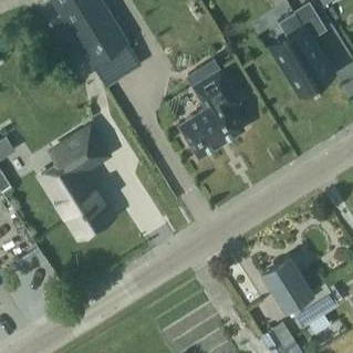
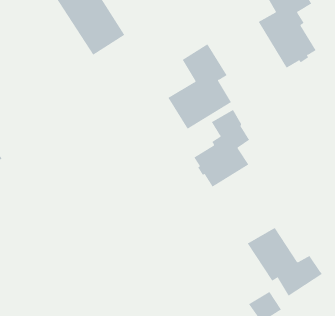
building: [42,123,112,232] -> none
building: none -> [194,109,250,188]

